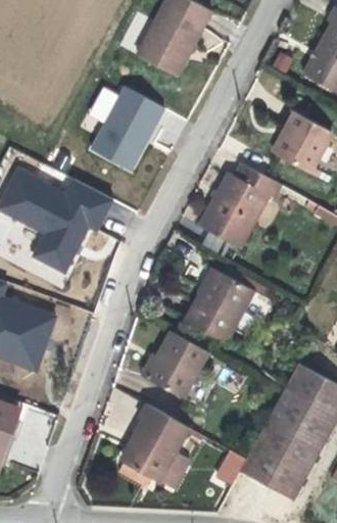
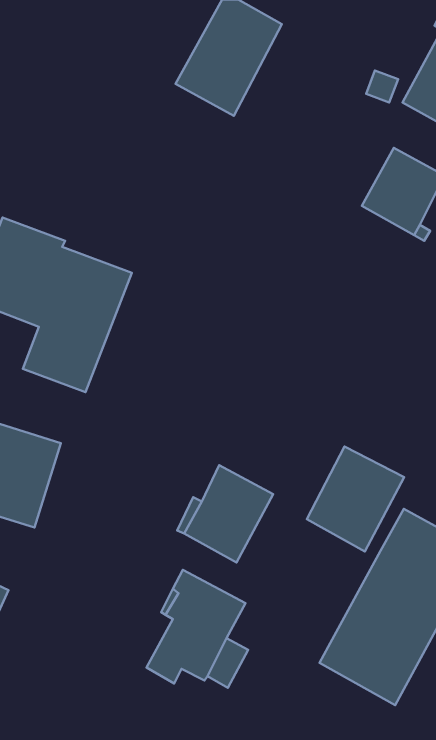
building: [90,87,167,175] -> none
building: [198,159,279,243] -> none
building: [183,266,251,339] -> [307,447,404,551]

